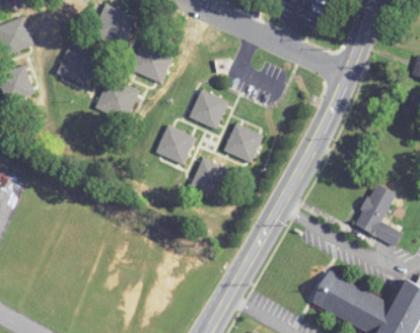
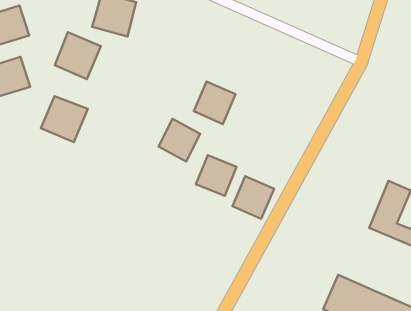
building: [130,38,173,83] -> none
building: [94,78,139,121] -> [41,96,88,142]
building: [223,123,263,164] -> [232,176,274,219]

